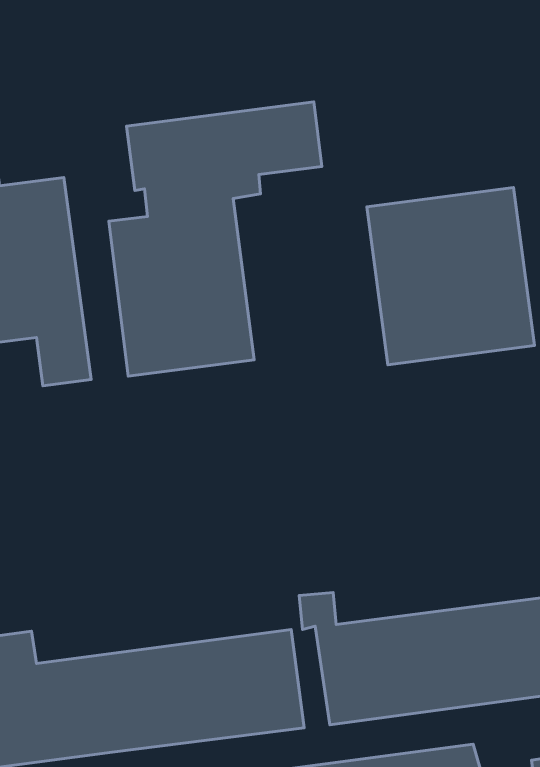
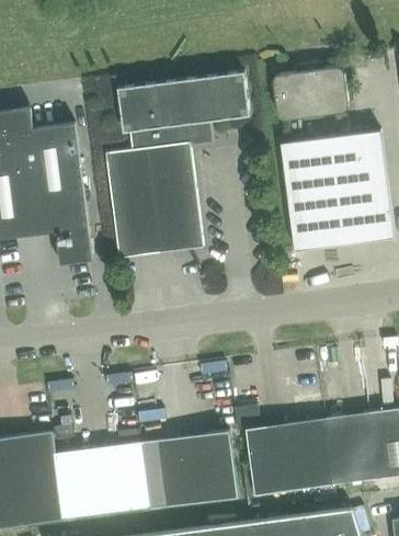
building: none -> [273,68,349,121]

